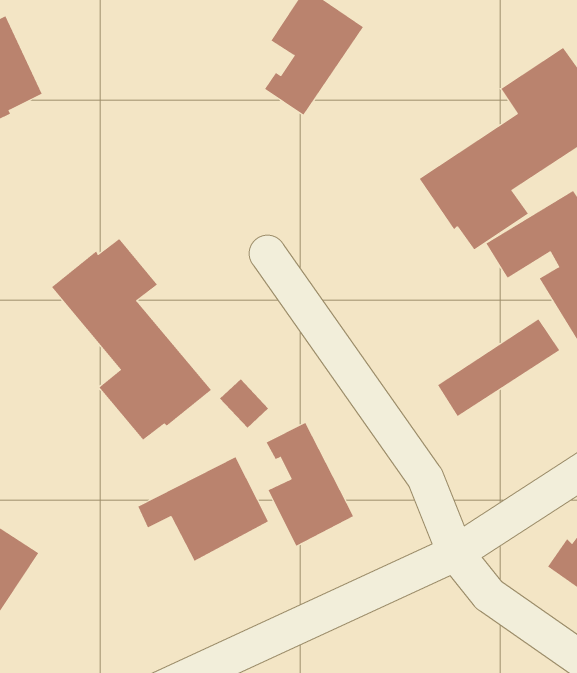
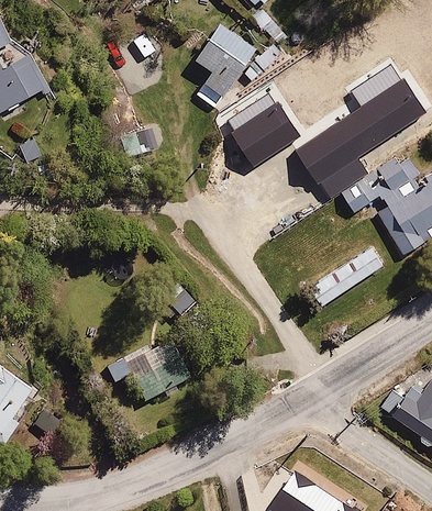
building: none -> [226,92,300,166]
building: [51,238,212,440] -> none
building: [266,422,354,547] -> none

